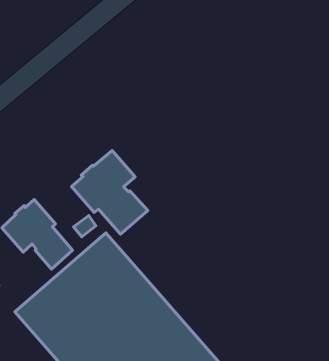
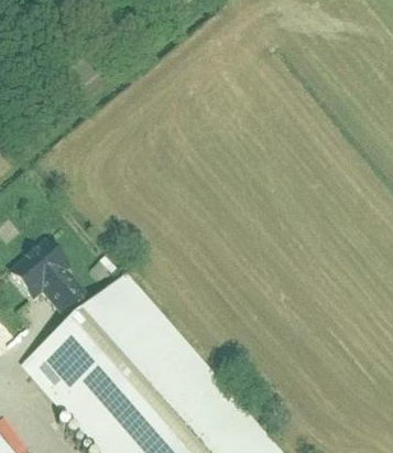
building: [72,151,148,234] -> none

